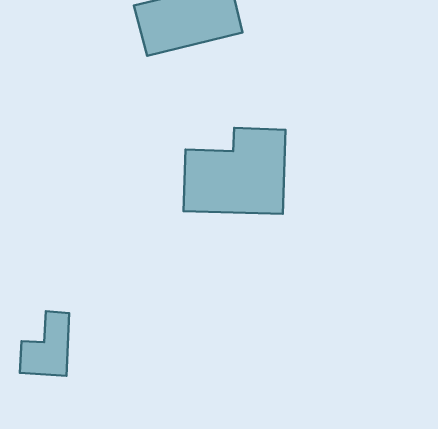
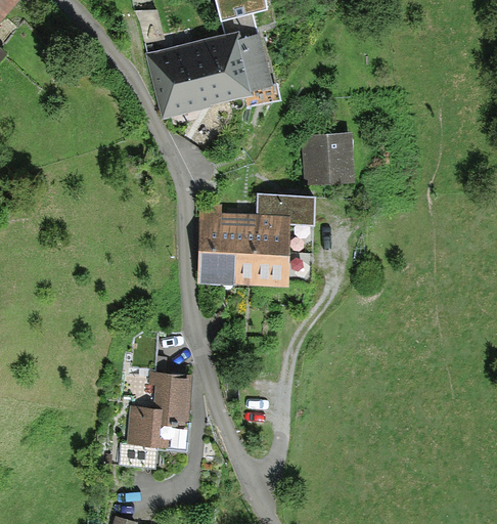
building: none -> [303,132,349,177]
building: [20,311,69,376] -> [128,374,182,444]

